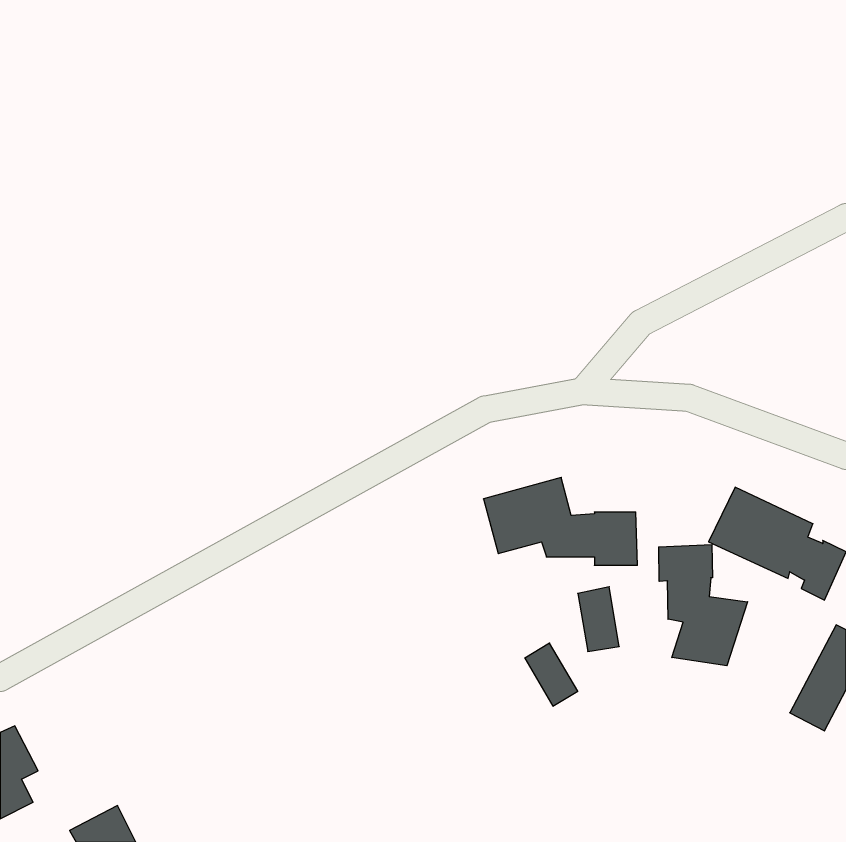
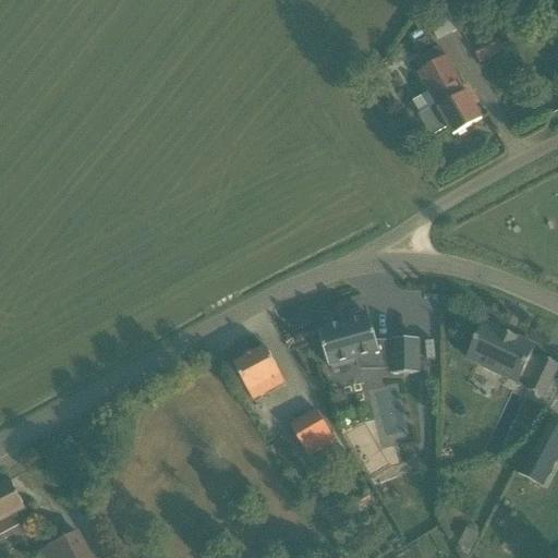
building: none -> [418,44,482,134]
building: none -> [233,344,286,398]
building: [659,545,748,666] -> none
building: none -> [290,409,336,456]

